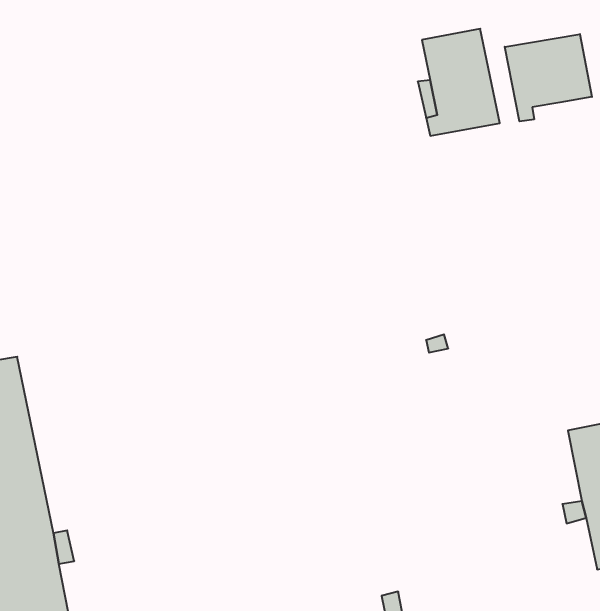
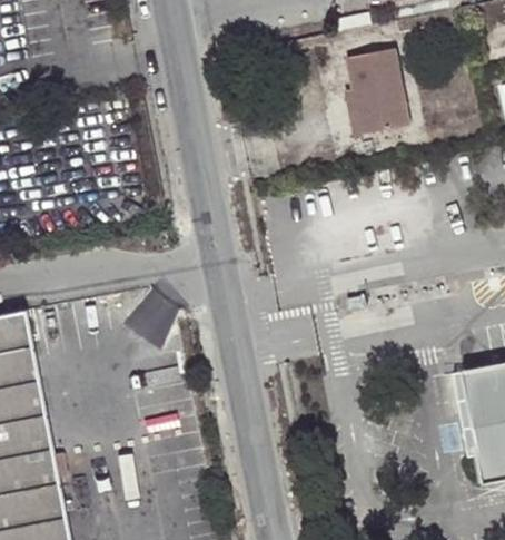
building: [505,34,592,121] -> none

